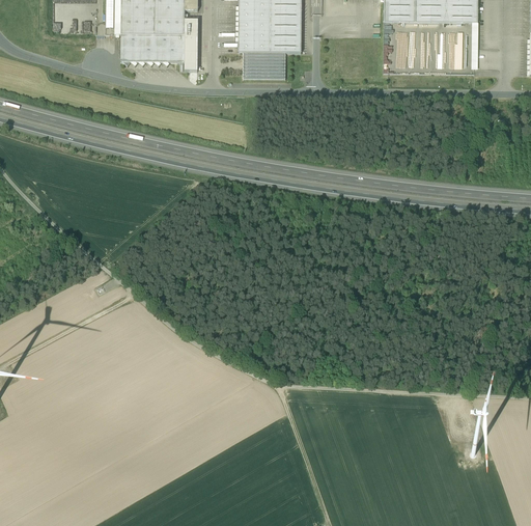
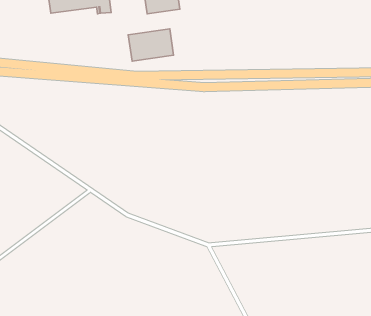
building: none -> [128,29,174,61]

